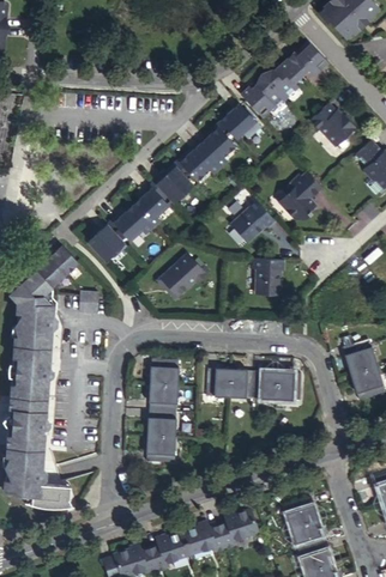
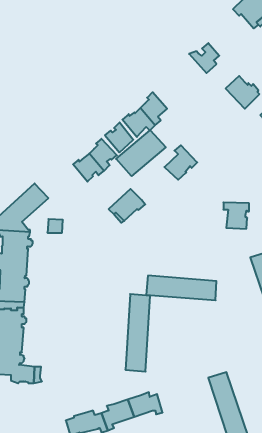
building: [288,43,328,79] -> none
building: [242,77,285,119] -> none
building: [219,105,260,141] -> none
building: [281,174,321,220] -> none
building: none -> [116,130,166,176]
building: [88,226,125,261] -> none
building: [251,260,284,294] -> [223,202,249,229]
building: [145,357,177,458] -> [125,294,150,372]
building: [221,506,261,547] -> none

